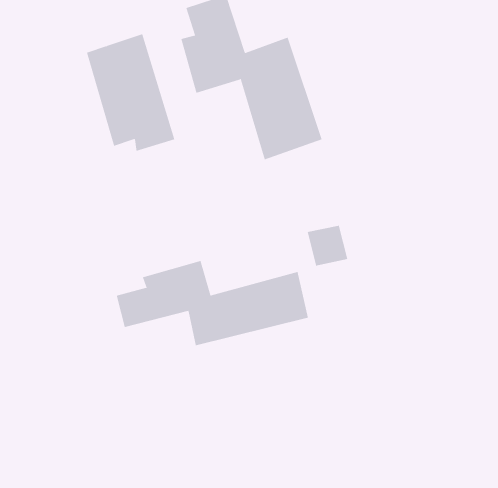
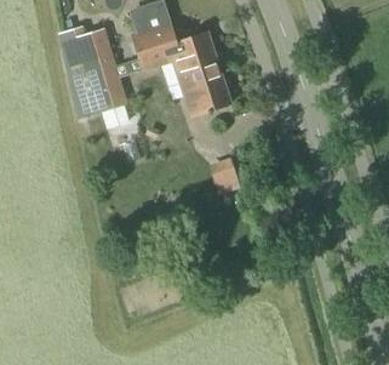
building: [116,260,308,346] -> none

